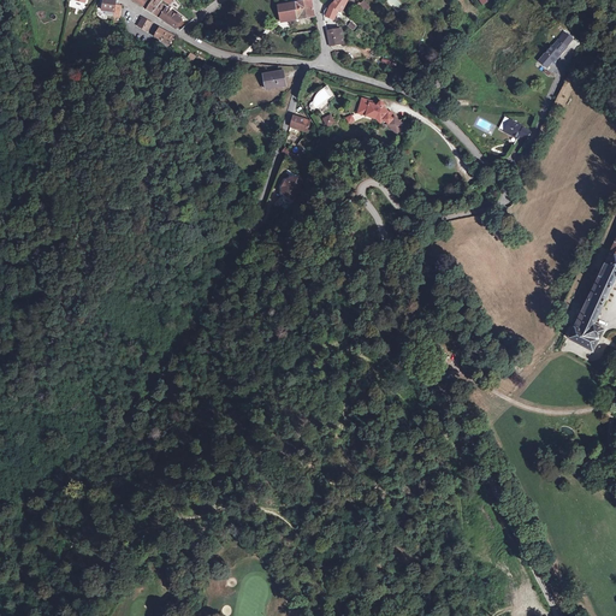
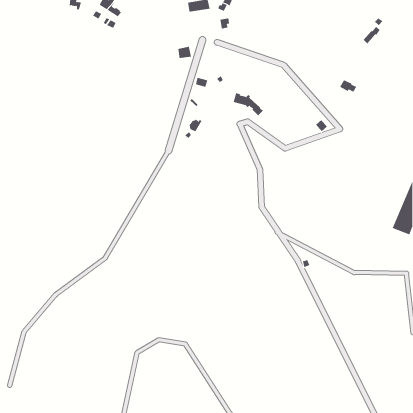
building: [356,96,402,131] -> [233,93,264,116]

